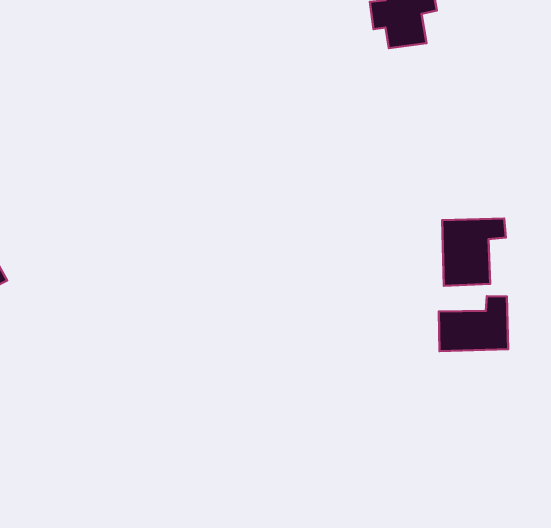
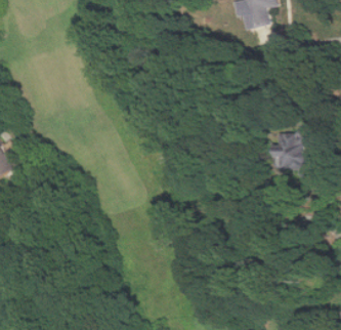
building: [439,296,508,351] -> none

